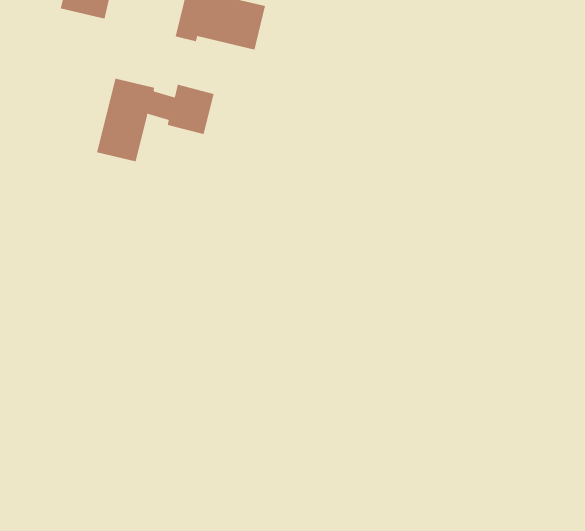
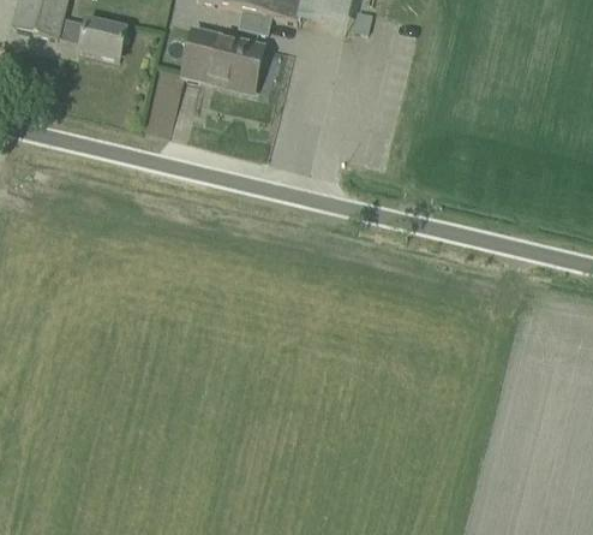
building: [97,78,214,162] -> none

